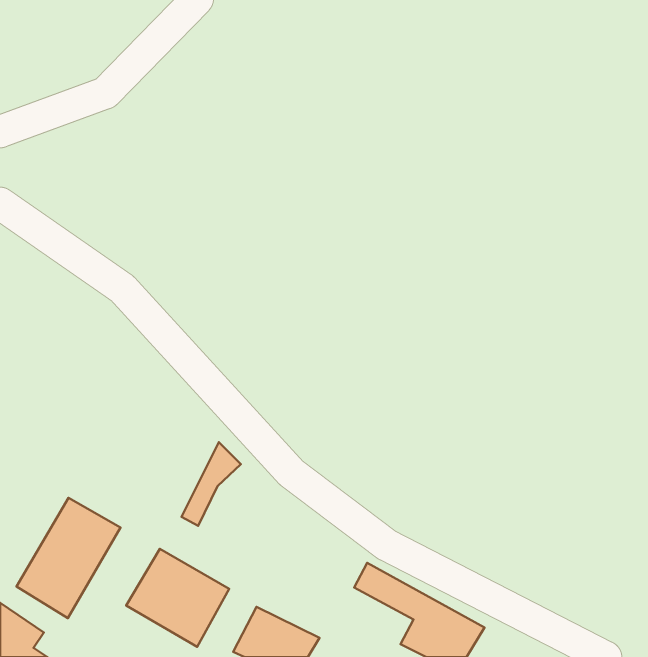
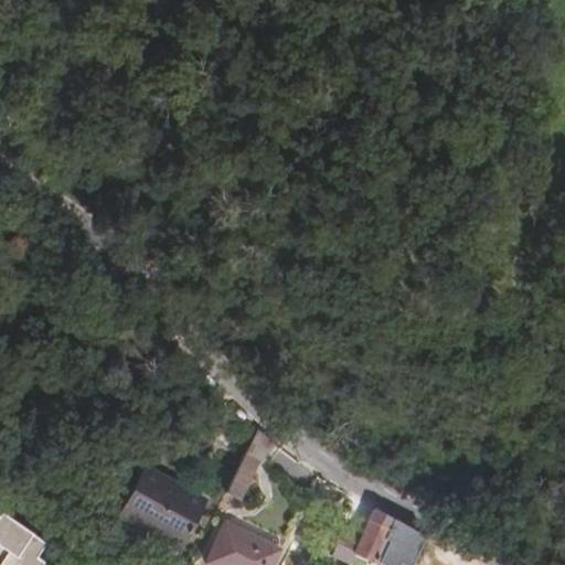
building: [182,442,241,526] -> [225,428,276,500]
building: [17,498,121,618] -> none

